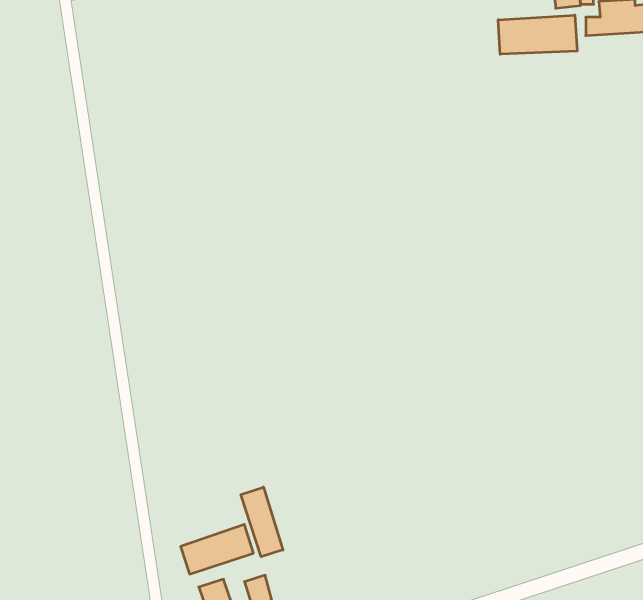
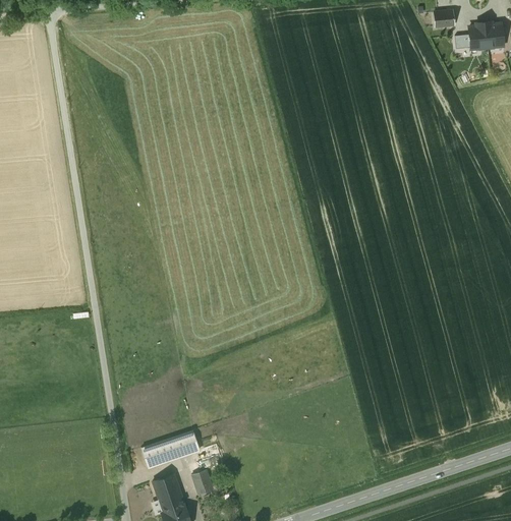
building: [498,15,577,54] -> none
building: [241,487,283,557] -> none

